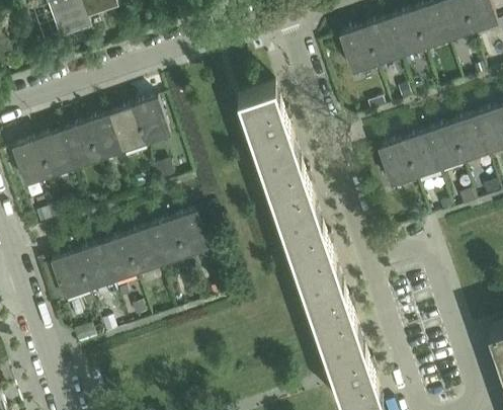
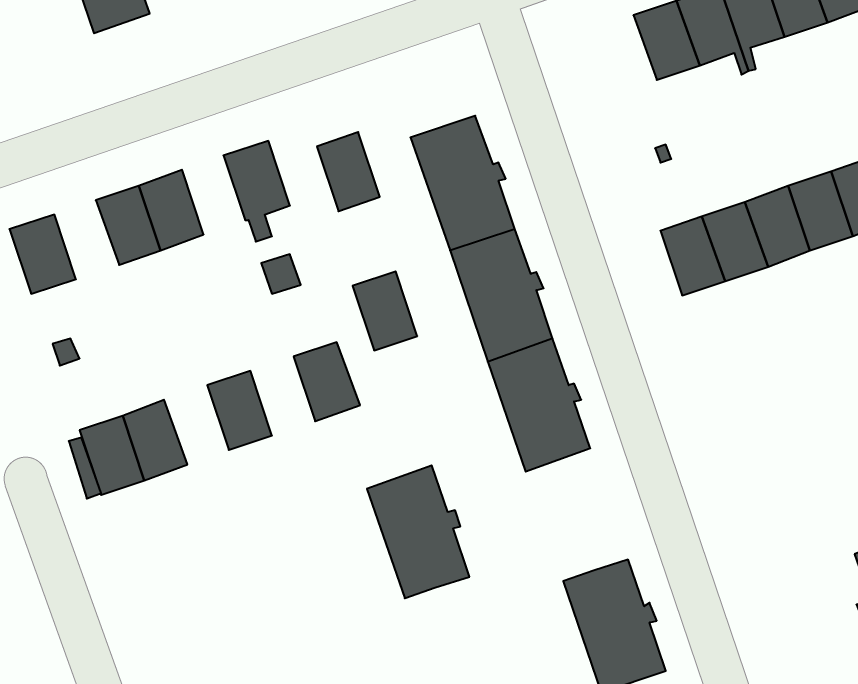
building: [336,29,373,74] -> none
building: [106,108,142,153] -> [317,132,380,211]
building: [34,134,71,178] -> none
building: [145,222,181,266] -> [353,271,417,350]
building: [96,238,133,282] -> none
building: [300,273,357,348] -> [367,465,469,598]

